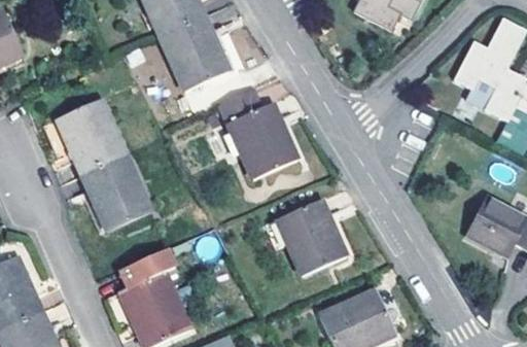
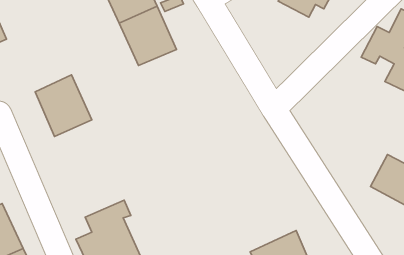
building: [227,103,297,177] -> none
building: [81,153,151,230] -> none
building: [278,201,345,275] -> none

